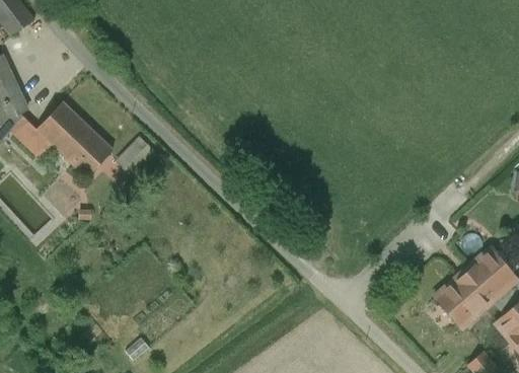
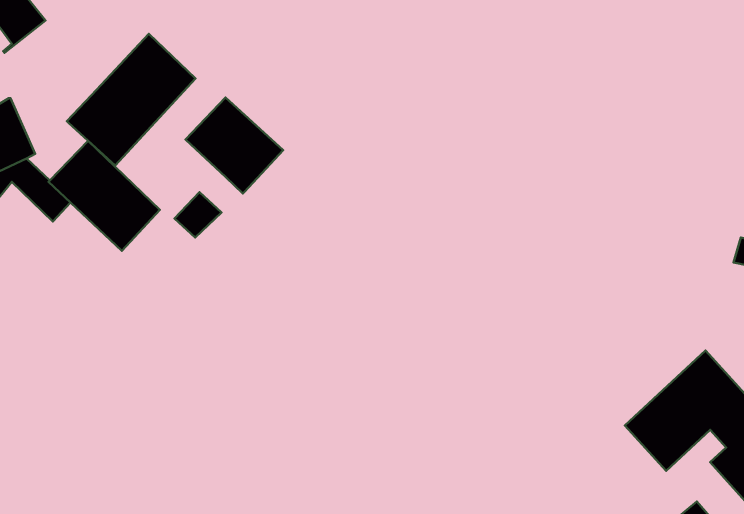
building: none -> [67,34,196,166]
building: none -> [186,97,283,194]

